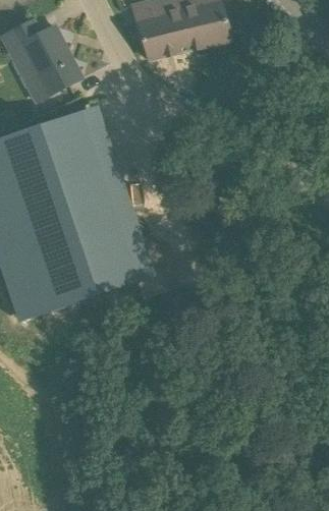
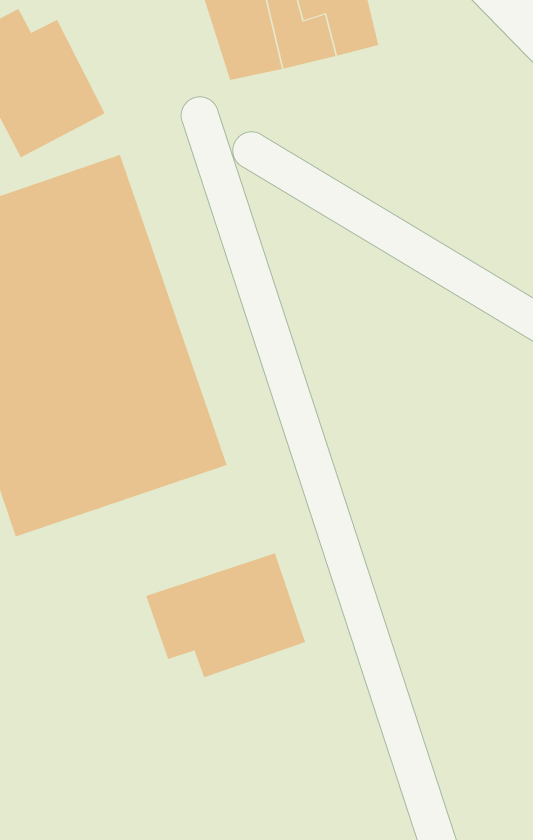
building: none -> [146,553,306,678]

